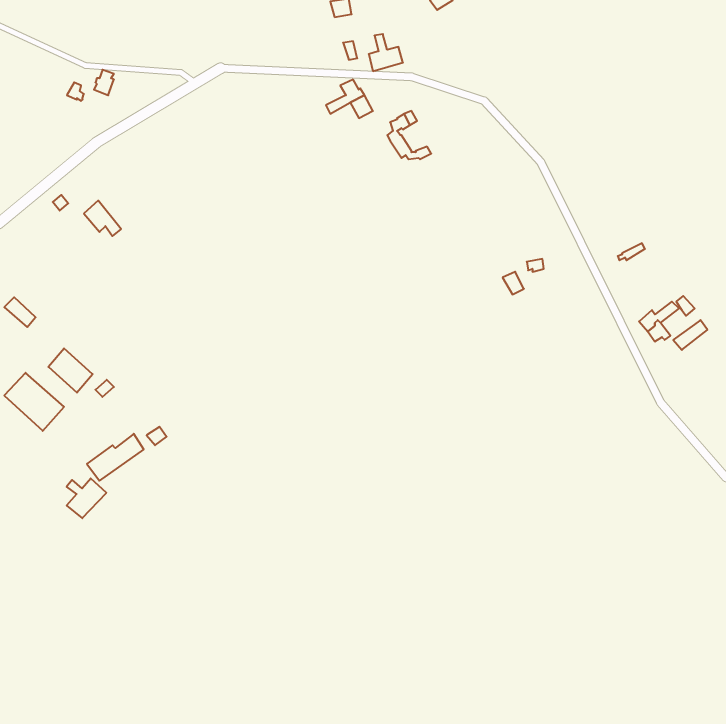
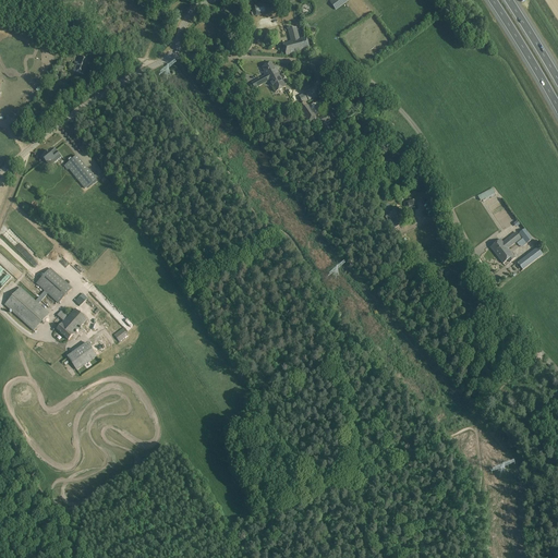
building: [67,478,106,518] -> [56,307,86,338]

